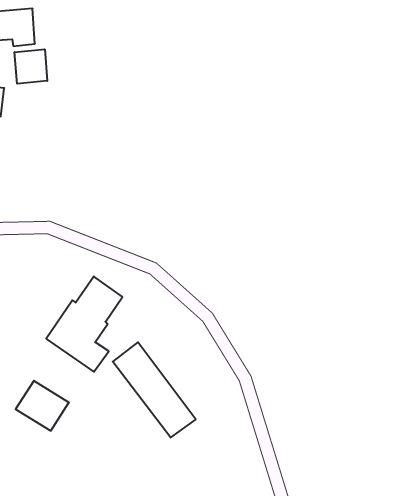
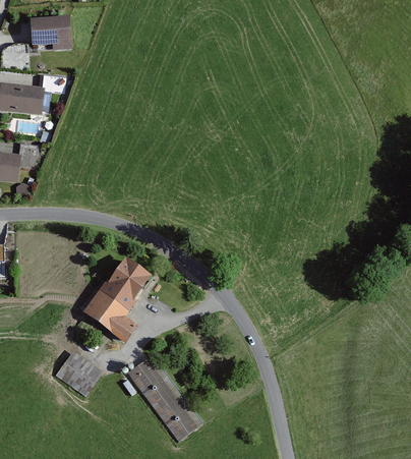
building: [15,49,47,84] -> none
building: [113,342,196,438] -> [125,354,199,440]

